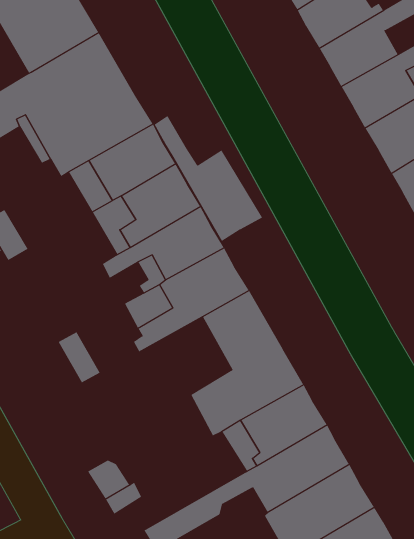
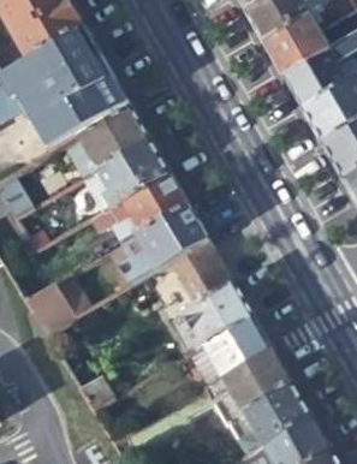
building: [154,115,263,242] -> none
building: none -> [23,282,73,333]

